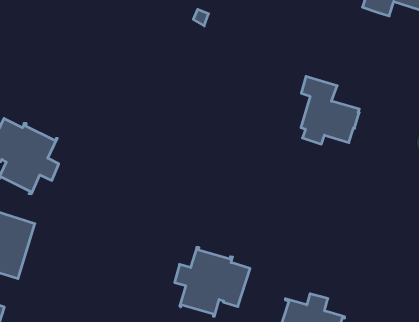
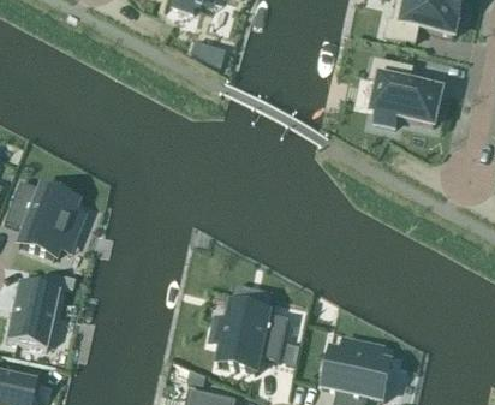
building: [301,76,359,144] -> [380,56,442,126]

